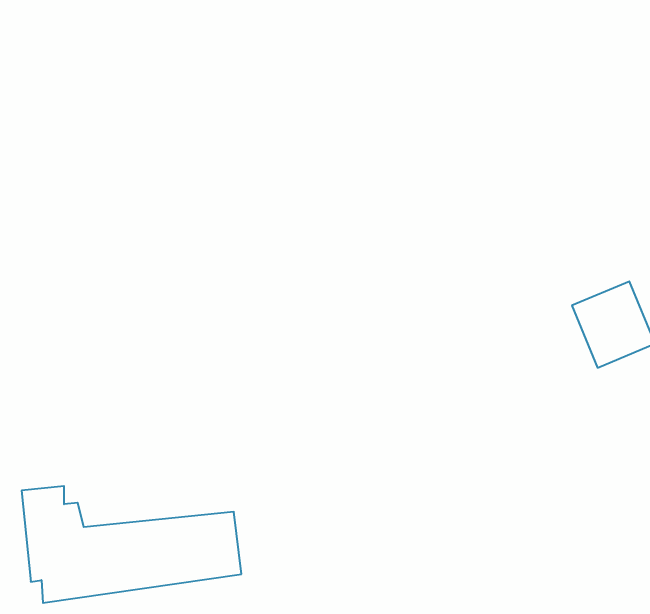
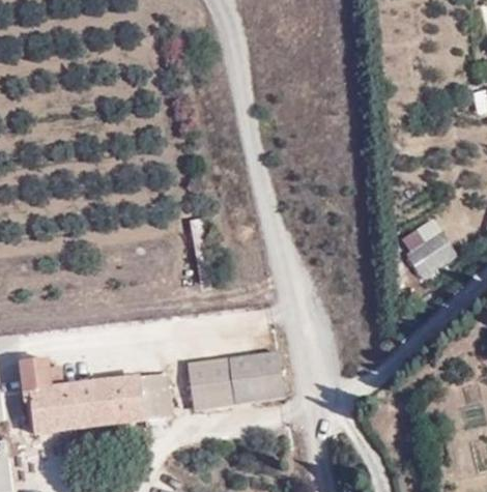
building: none -> [185,351,282,405]

